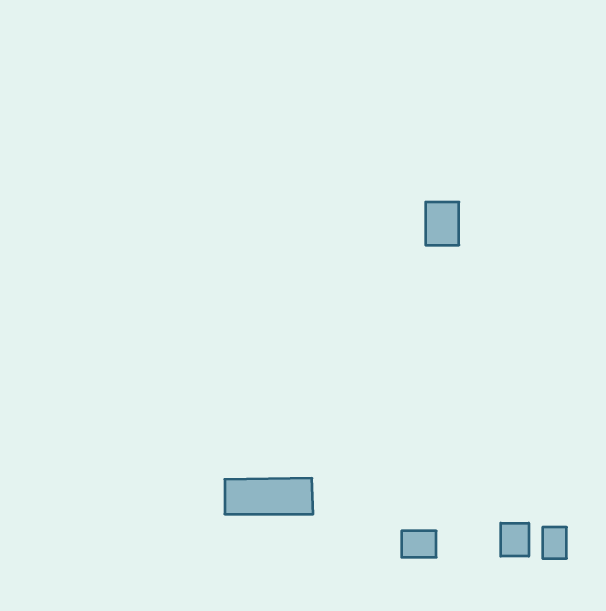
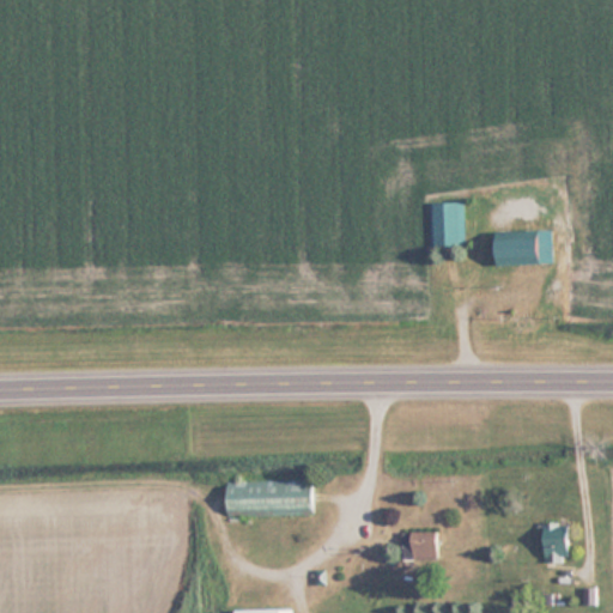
building: none -> [496,231,544,265]
building: [501,523,529,556] -> none

